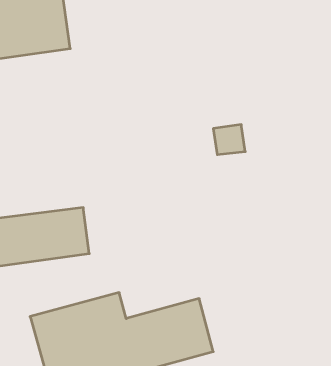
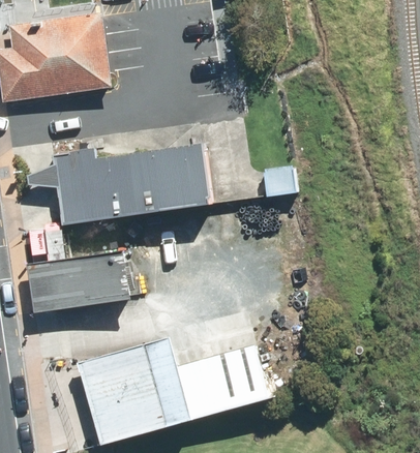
building: none -> [54,143,212,224]

